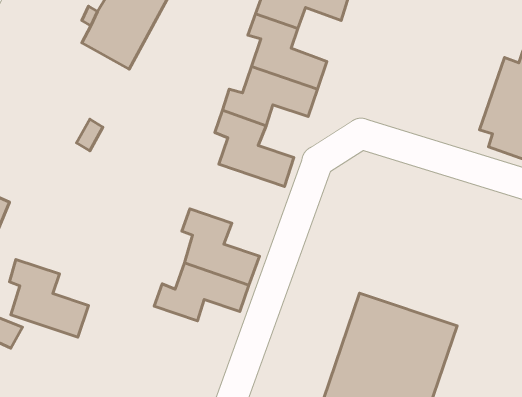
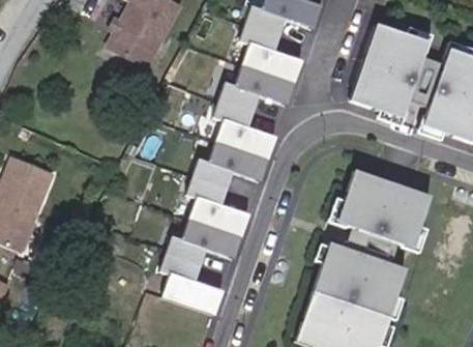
building: none -> [350,24,424,115]
building: none -> [196,142,270,189]
building: none -> [336,170,431,250]
building: [9,259,88,337] -> [162,254,225,315]

